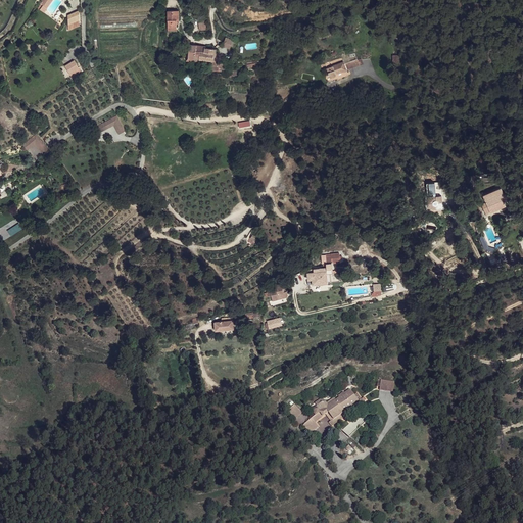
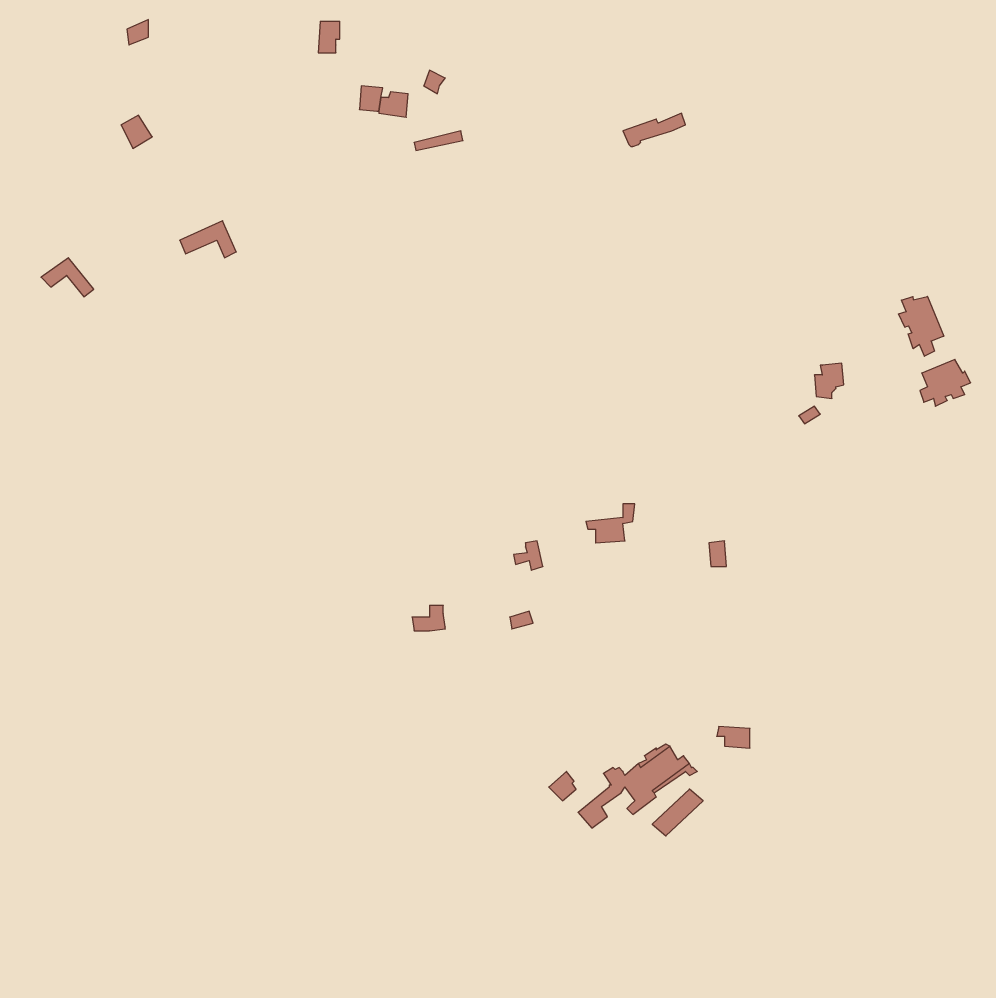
building: none -> [899,296,944,356]

